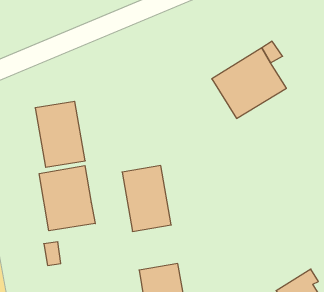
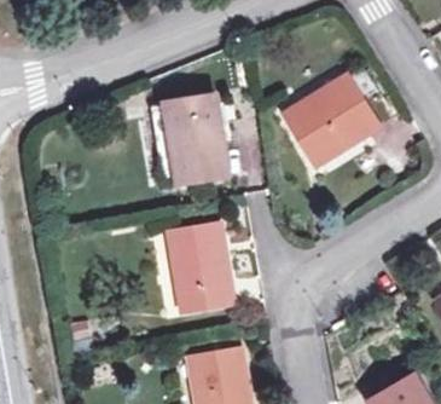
building: [35,101,85,167] -> [166,98,230,183]
building: [39,166,95,231] -> none

